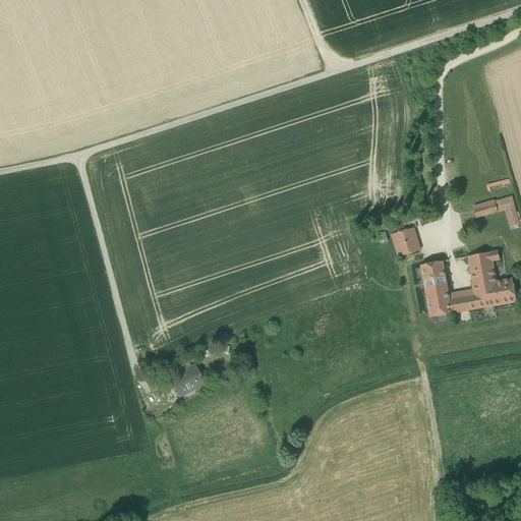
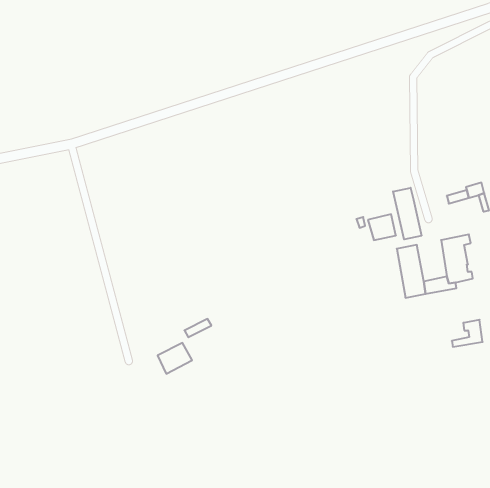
building: none -> [393,188,421,239]
building: [482,277,515,305] -> [452,320,483,347]

